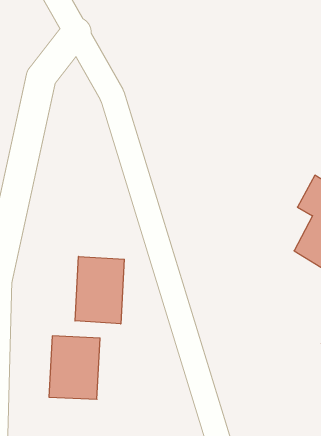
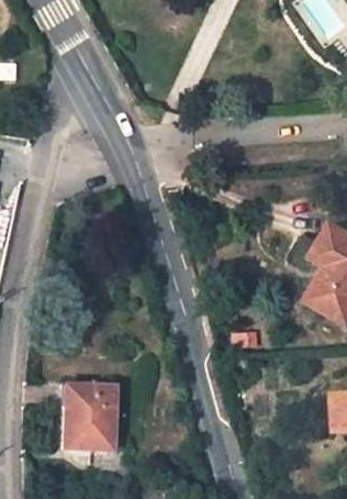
building: [75,256,124,324] -> none

